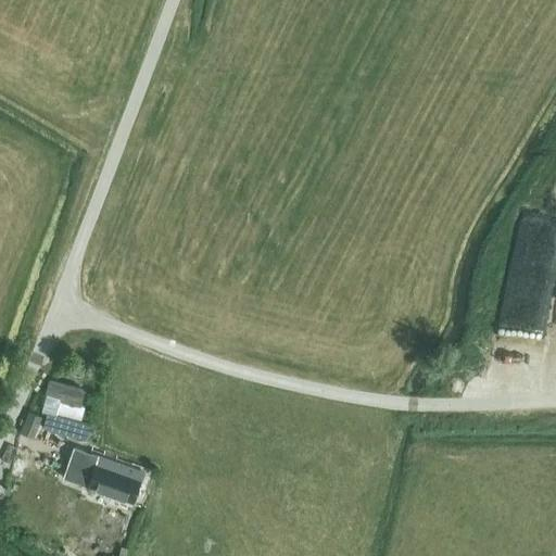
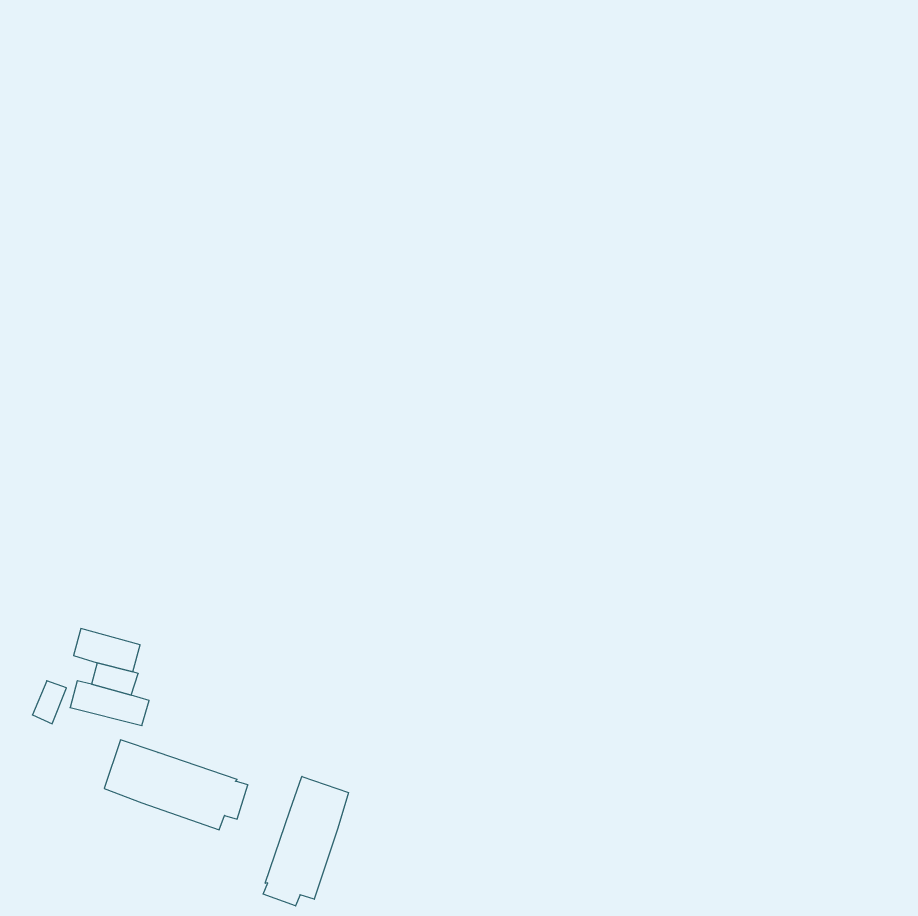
building: none -> [263,776,349,906]

